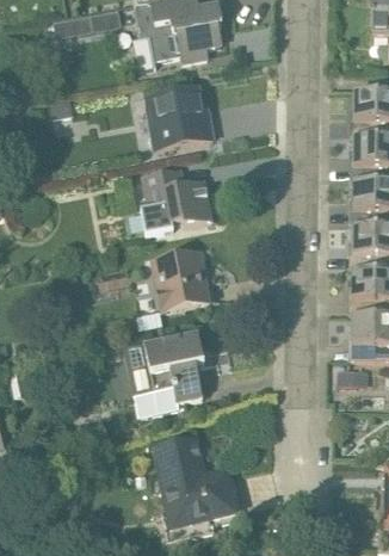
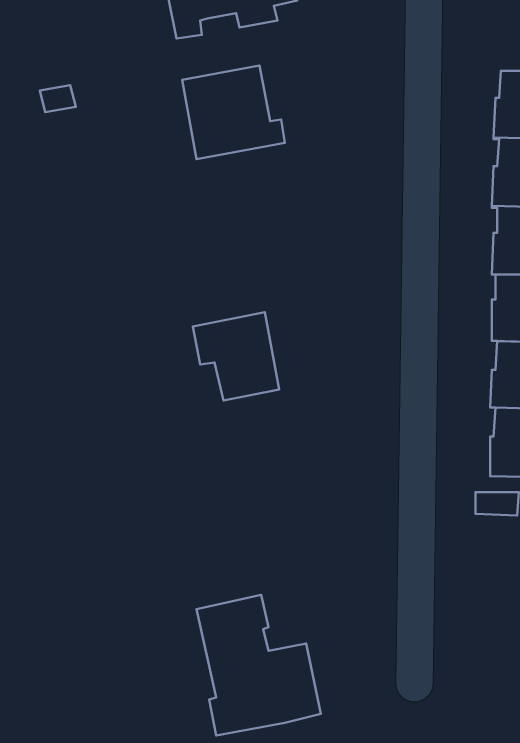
building: [142,169,211,234] -> none
building: [125,330,205,416] -> none

